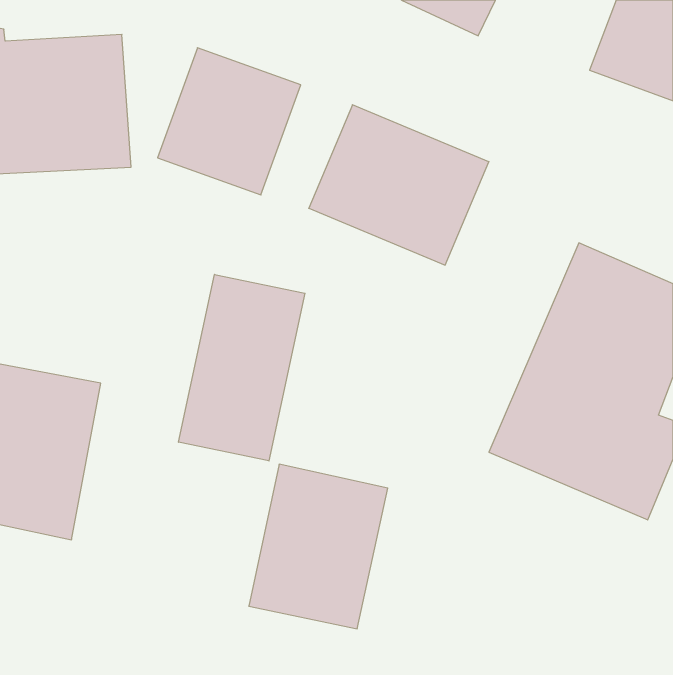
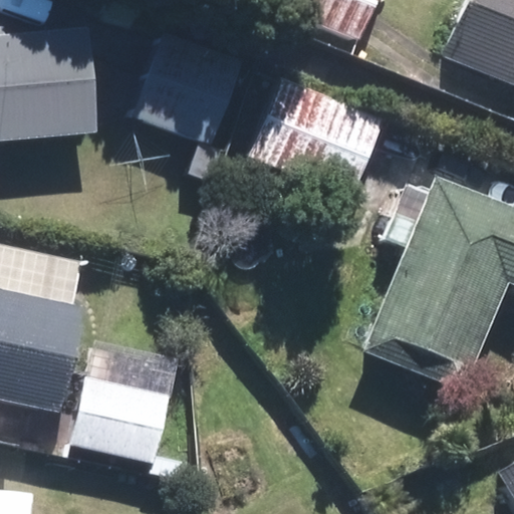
building: [179,274,305,461] -> none
building: [249,464,388,629] -> [79,333,185,458]

